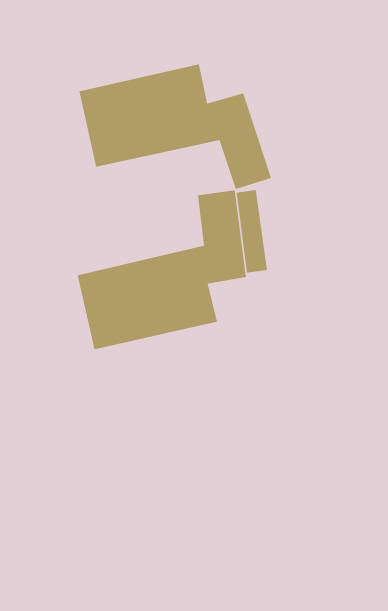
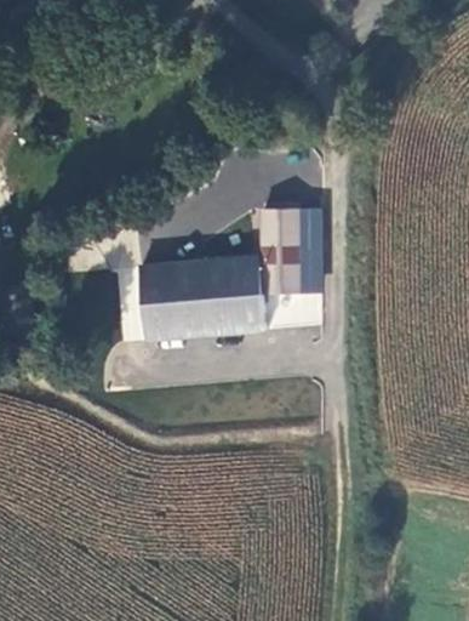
building: [79,64,271,190] -> none

